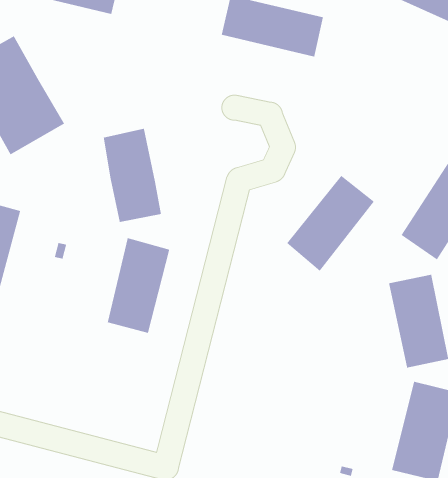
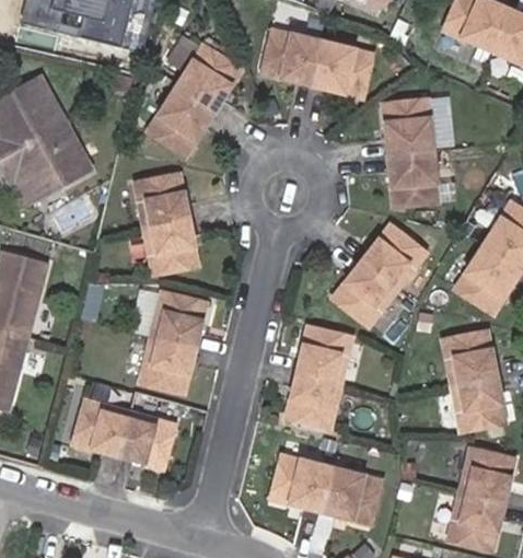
building: none -> [147,44,242,156]
building: none -> [382,98,439,206]
building: none -> [286,325,353,429]
building: none -> [71,398,175,468]
building: none -> [270,453,383,524]

